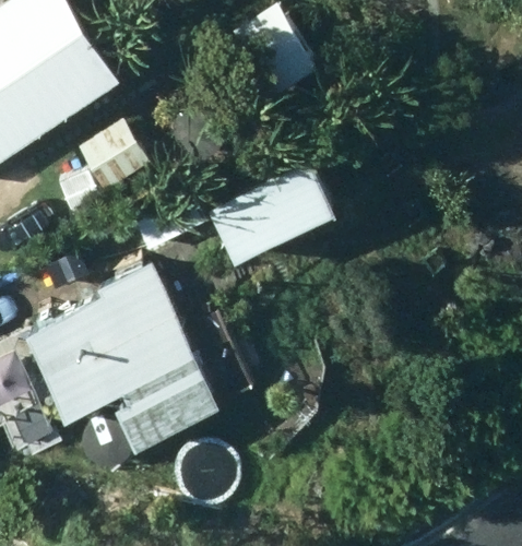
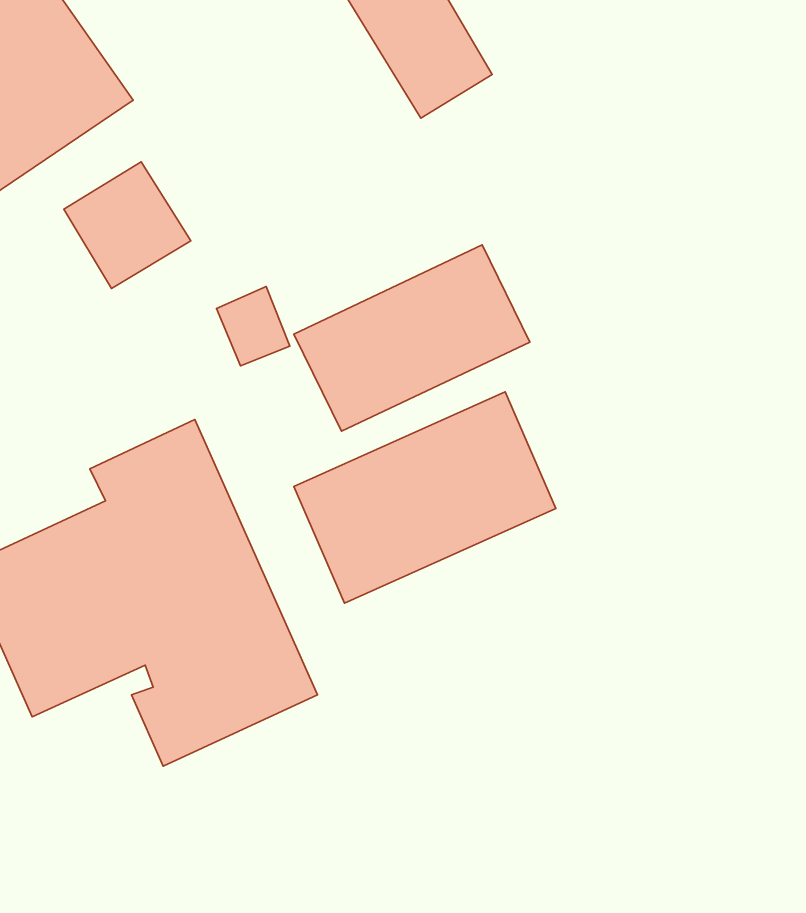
building: none -> [294,392,556,603]

